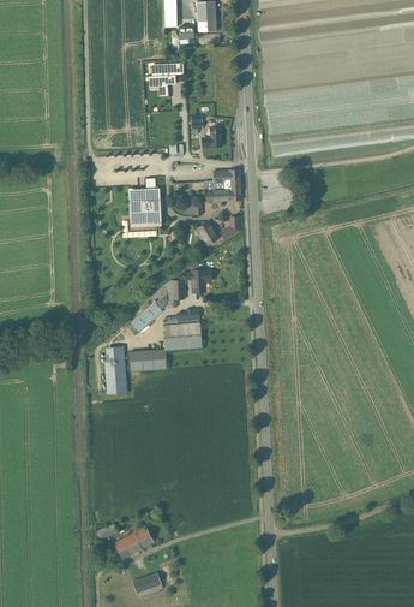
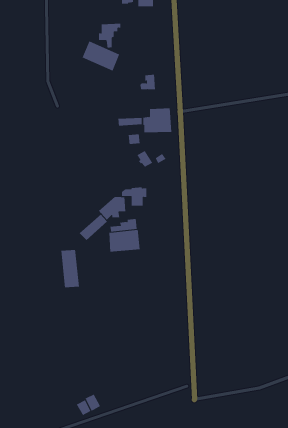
building: none -> [82,40,120,72]
building: [127,188,161,227] -> none
building: [127,350,166,370] -> none

